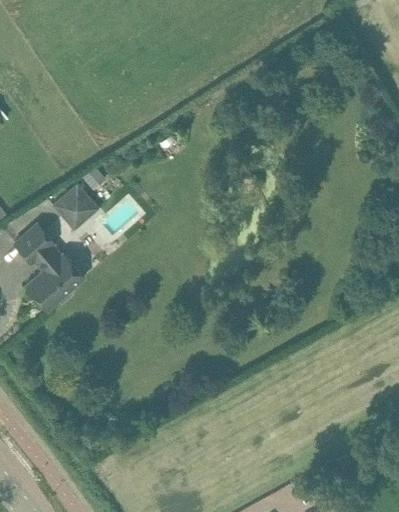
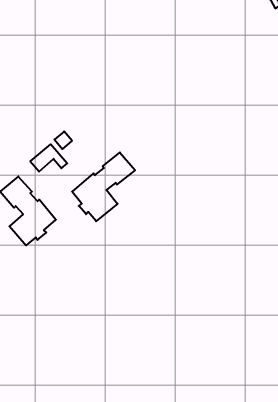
building: none -> [72,152,135,221]

